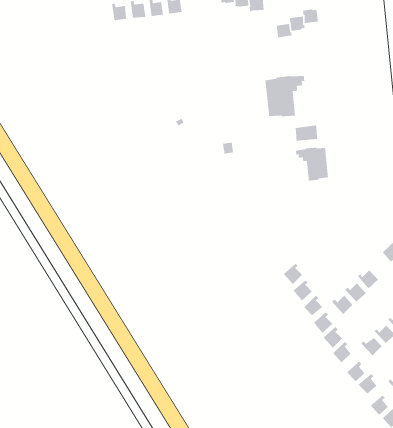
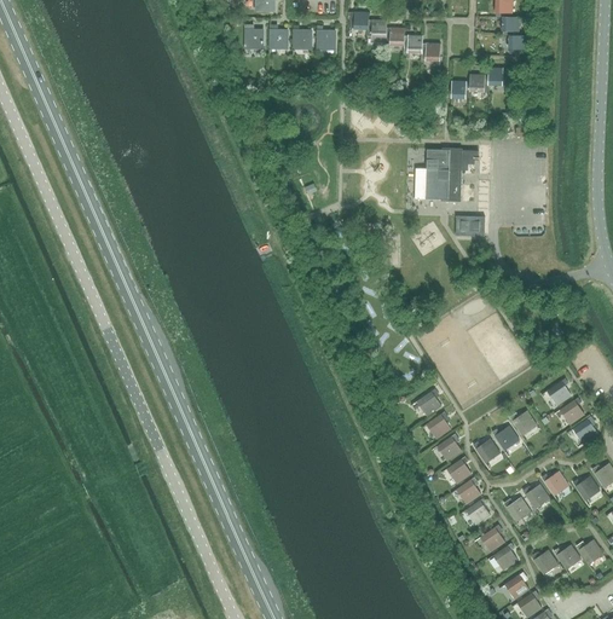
building: [295,147,329,182] -> none

